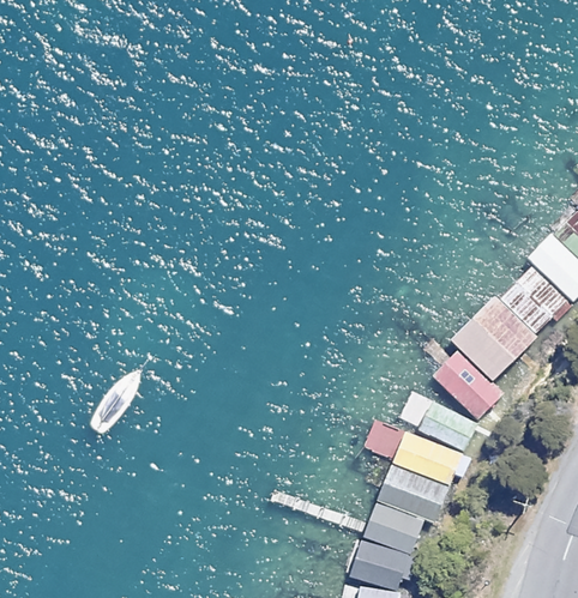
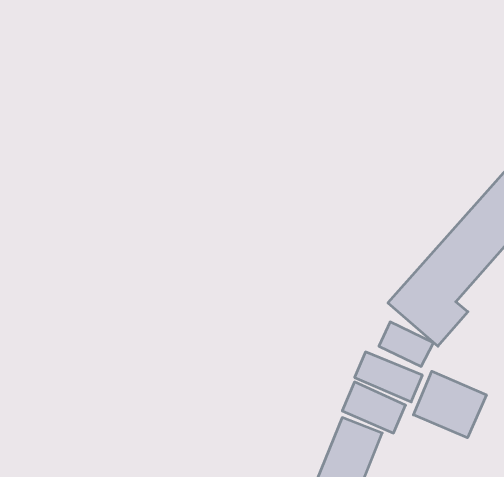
building: none -> [413,371,486,438]

